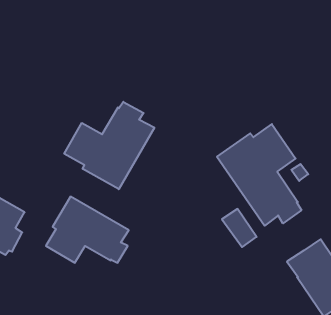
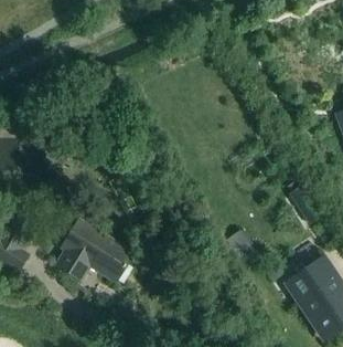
building: [64,102,154,189] -> none
building: [217,124,301,226] -> none

